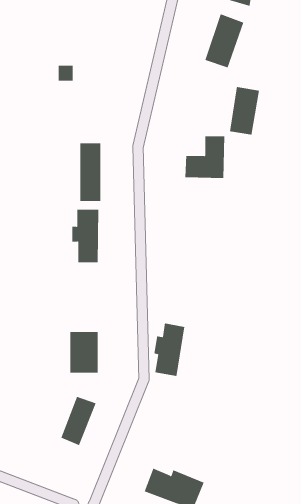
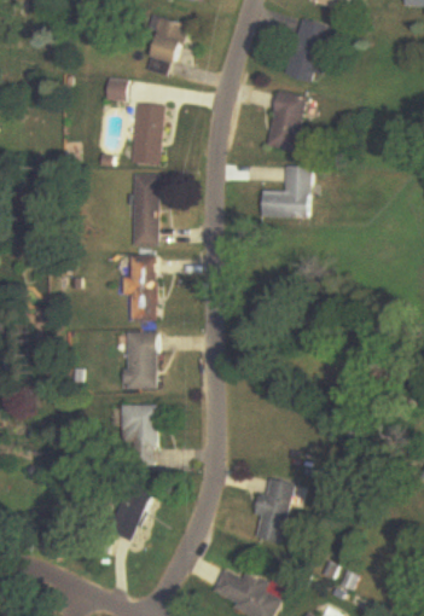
building: none -> [146,17,187,75]
building: none -> [130,103,162,164]
building: [229,87,260,135] -> [267,92,304,151]
building: none -> [124,331,156,388]
building: [153,323,185,376] -> [254,477,292,542]

